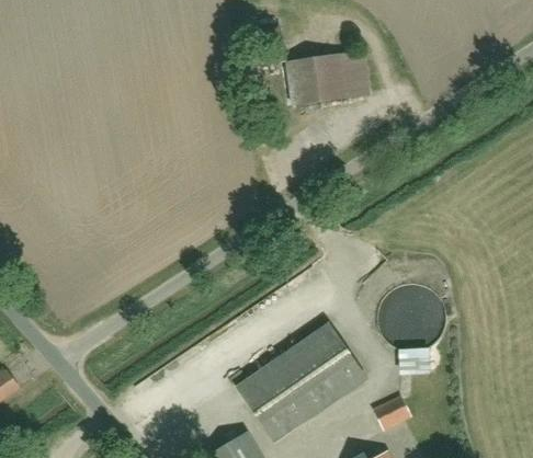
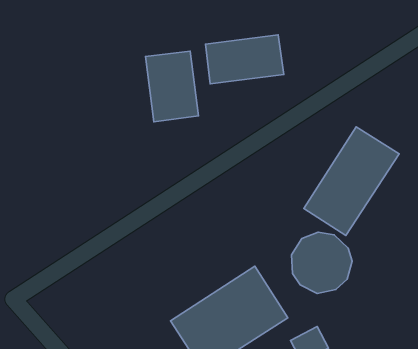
building: none -> [145,51,198,122]
building: none -> [304,127,399,236]

